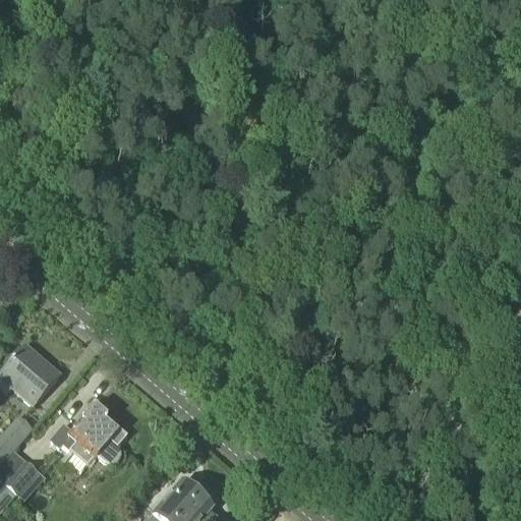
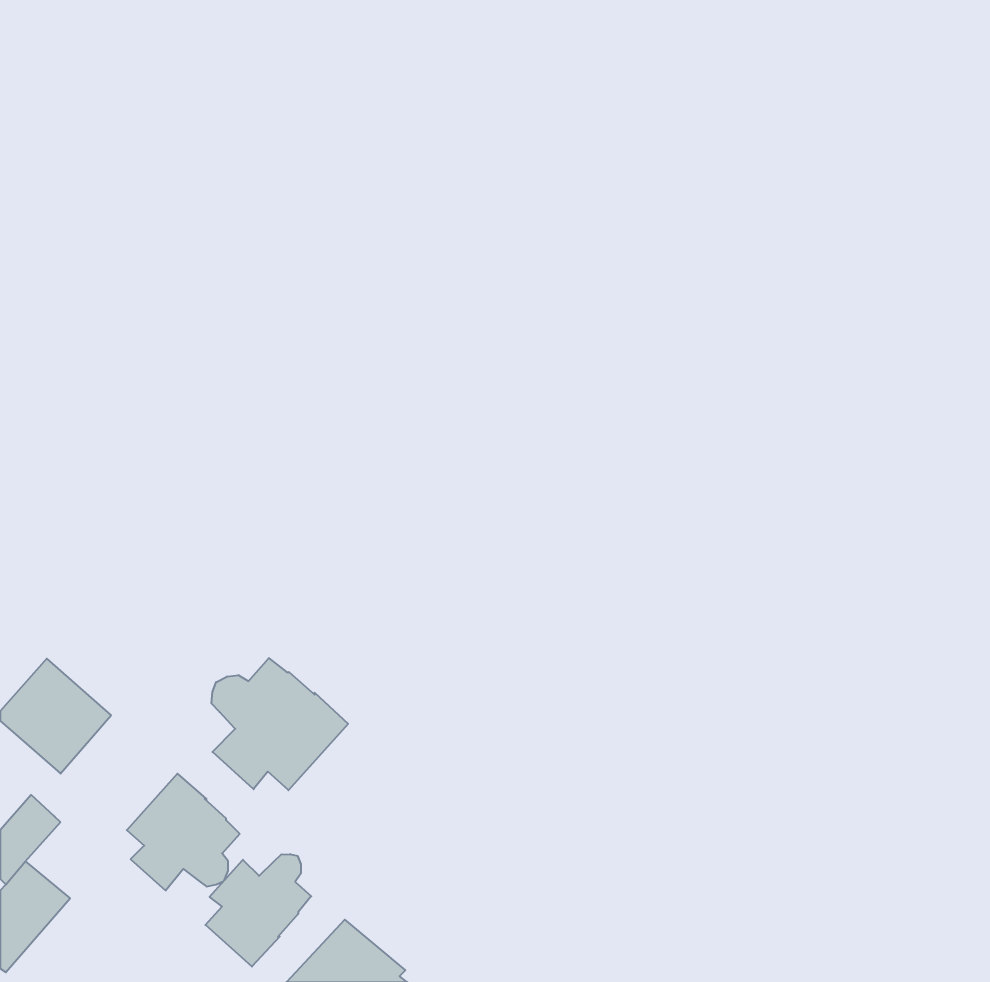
building: none -> [212,658,348,790]
building: none -> [205,854,311,967]

